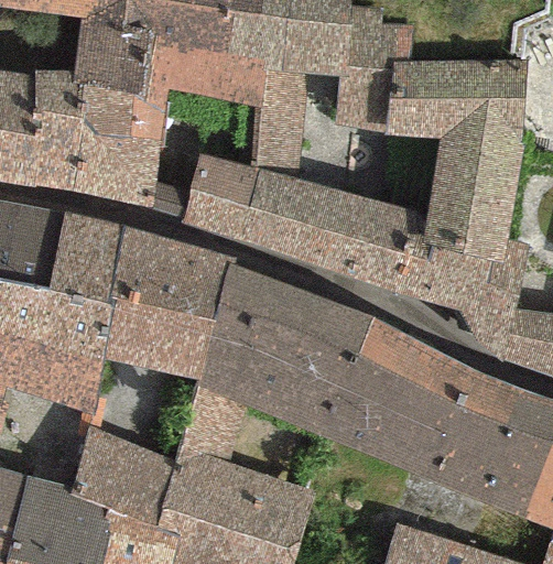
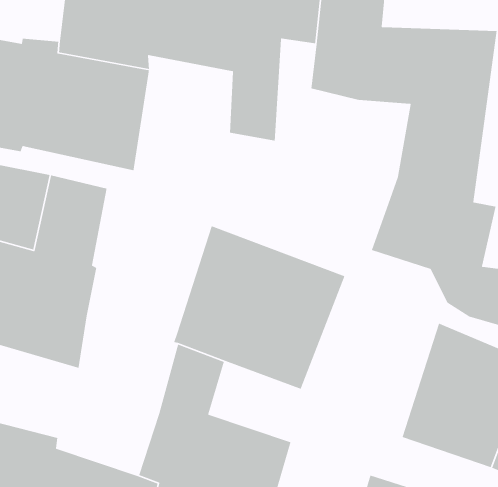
building: [182,154,426,291] -> none
building: [104,226,235,378] -> none
building: [326,317,469,486] -> none
building: [72,426,177,525] -> none

